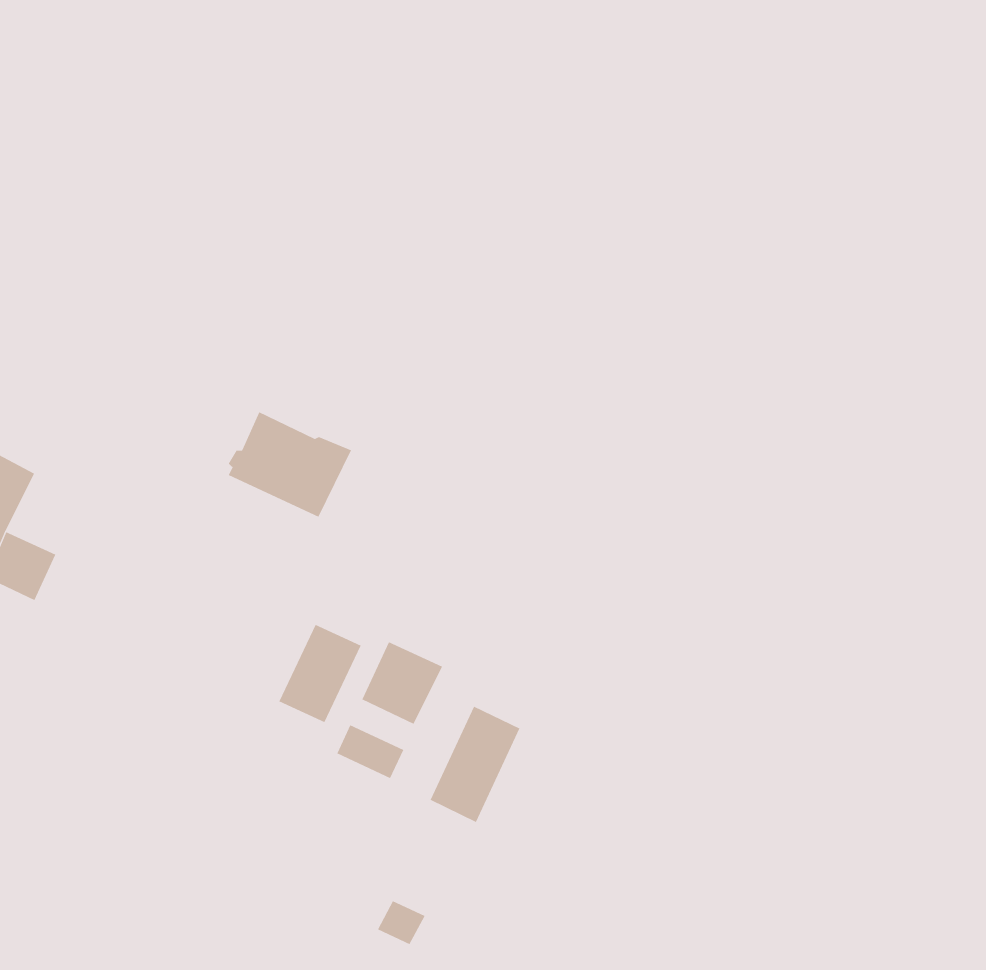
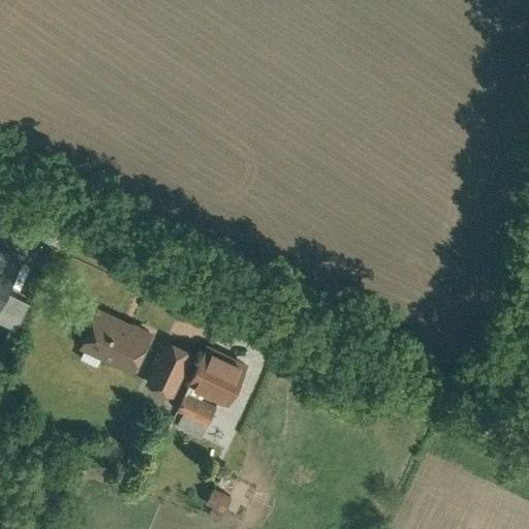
building: [228,411,352,518] -> [84,313,150,370]
building: [430,706,520,823] -> none

